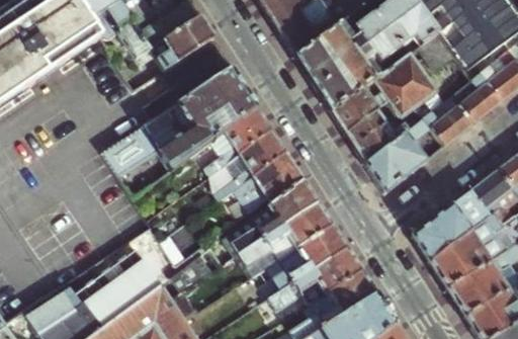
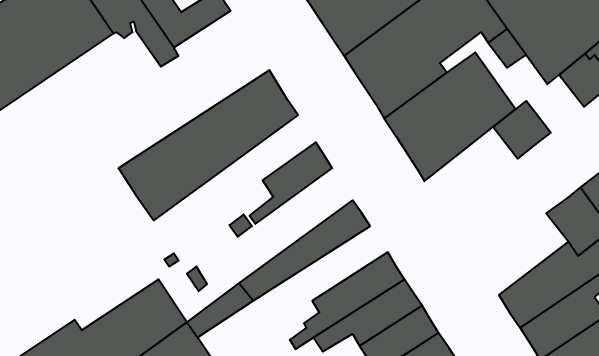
building: [151,18,213,72] -> none
building: [452,73,502,122] -> none
building: [206,107,272,174] -> none
building: [365,117,445,192] -> none
building: [232,153,304,214] -> none
building: [412,191,489,261] -> none
building: [241,202,334,274] -> none

